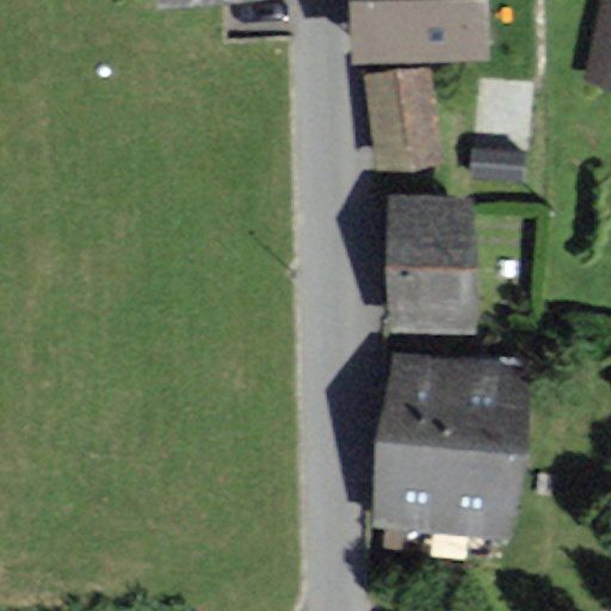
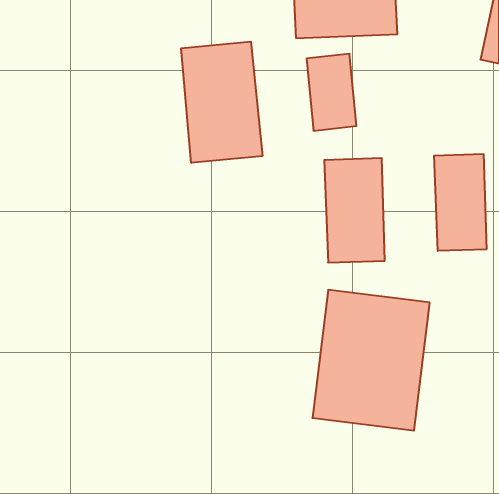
building: none -> [181,42,262,163]
building: none -> [434,154,486,251]

